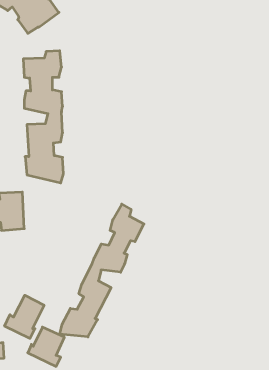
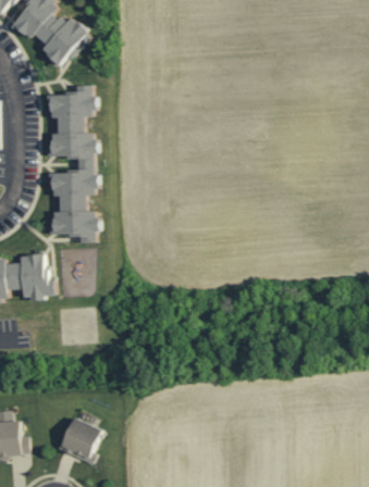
building: [60,204,144,337] -> none
building: [5,295,44,338] -> none

